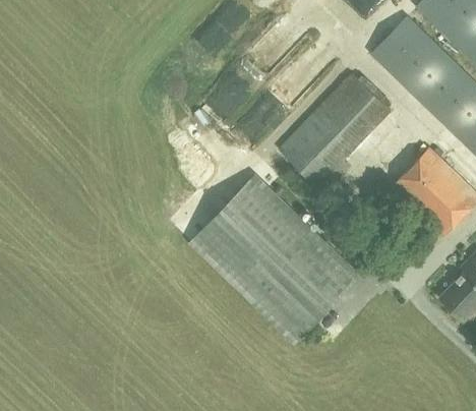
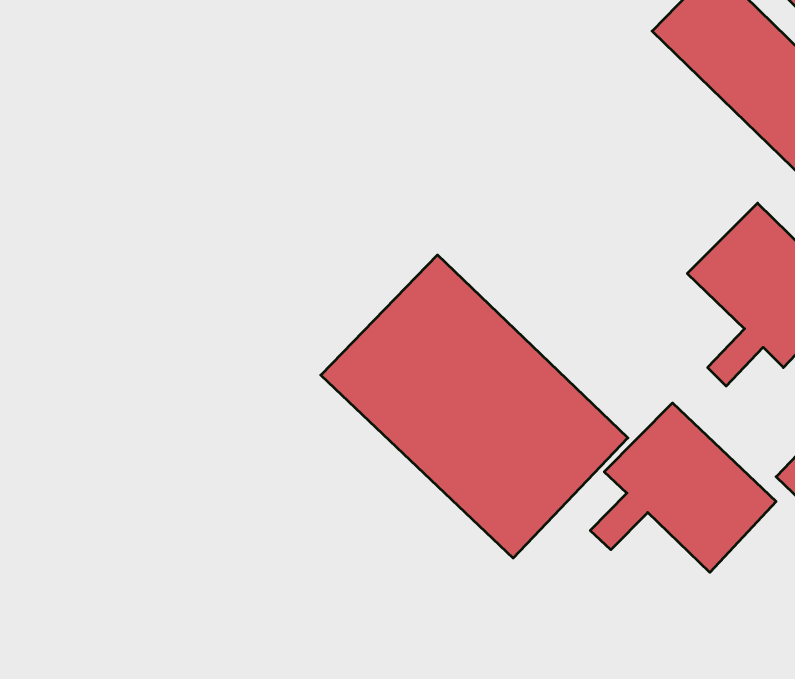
building: [278,71,393,193] -> none
building: none -> [590,403,776,572]

